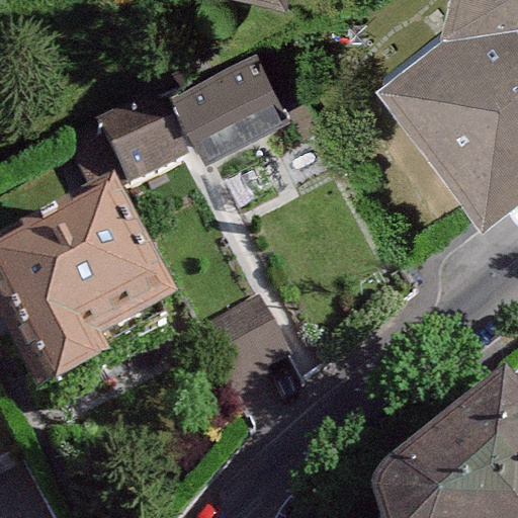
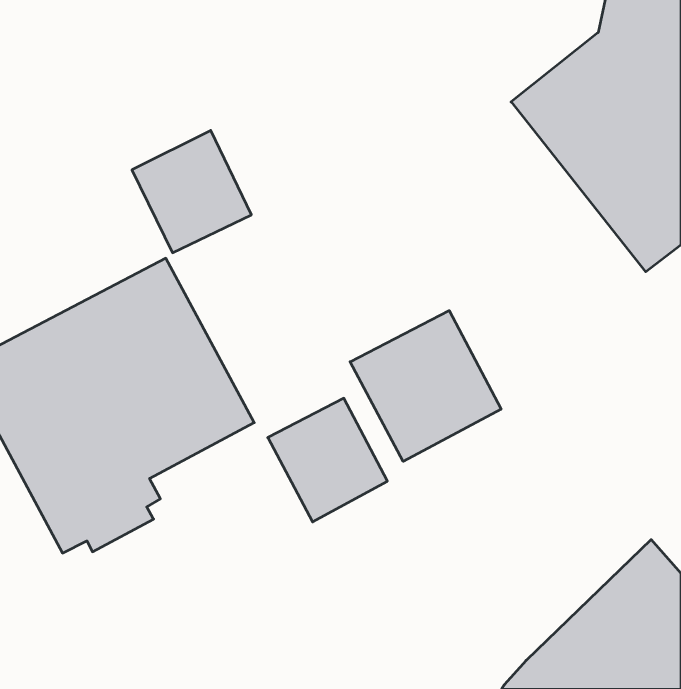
building: [179,44,294,146] -> none
building: none -> [350,311,501,461]

